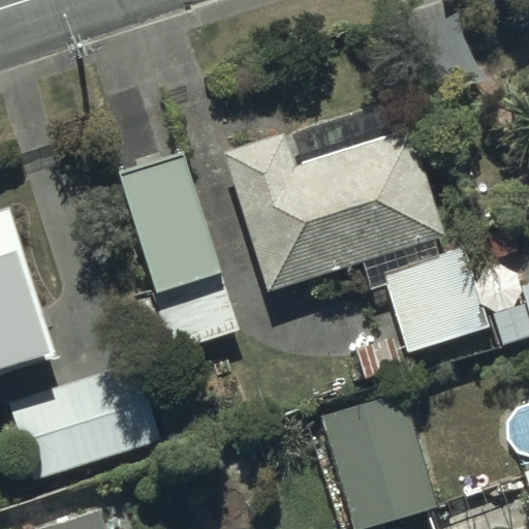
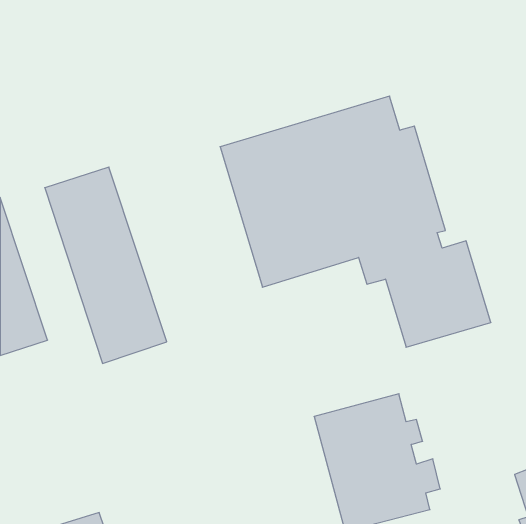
building: [119,151,241,347] -> [45,167,167,363]
building: [7,373,153,484] -> none

